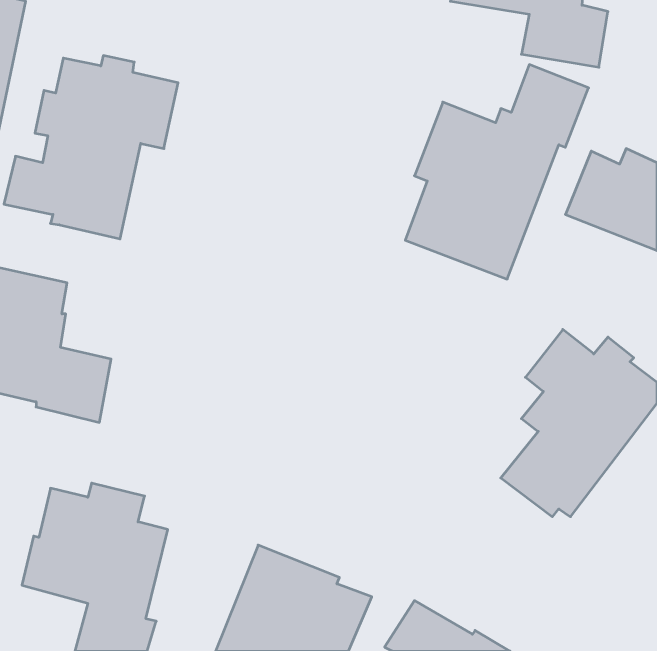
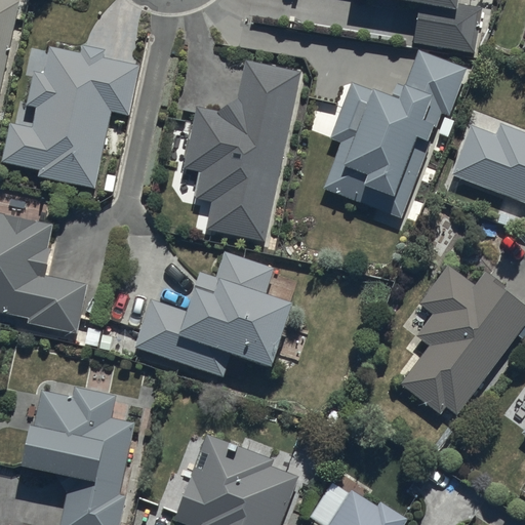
building: none -> [184,60,301,243]
building: none -> [136,254,298,379]

